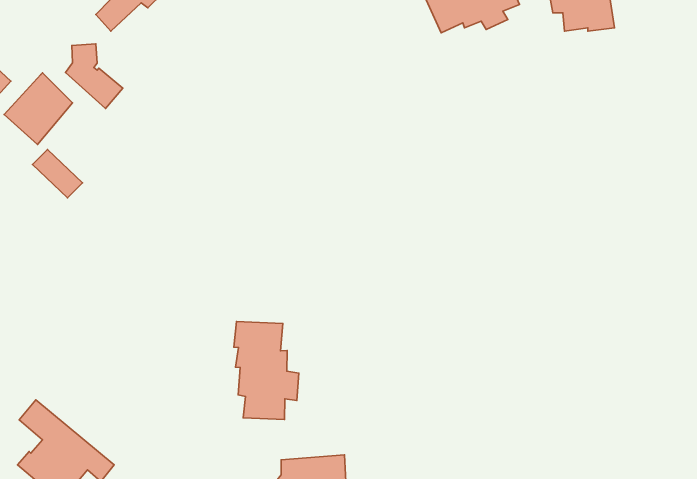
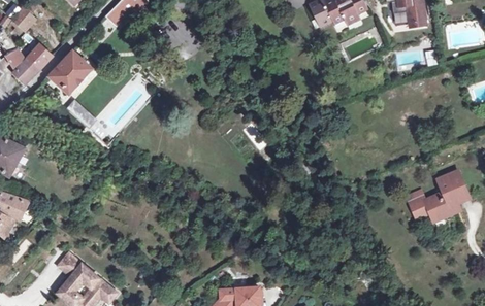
building: [65,44,123,109] -> none
building: none -> [409,170,467,220]
building: [234,322,299,419] -> none

